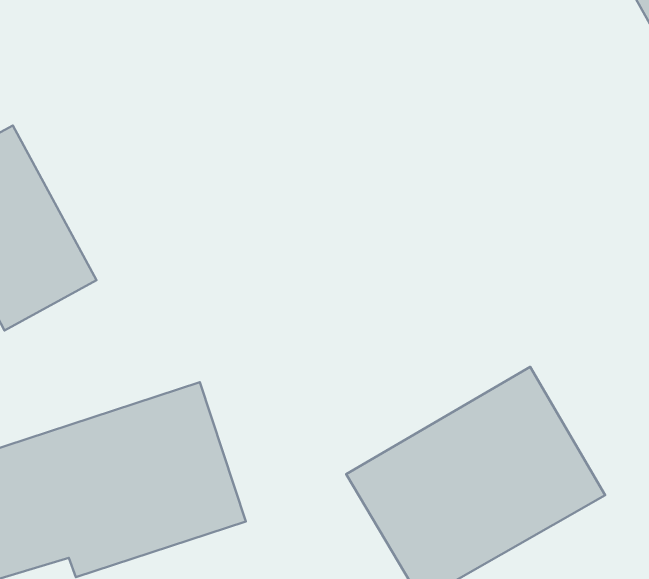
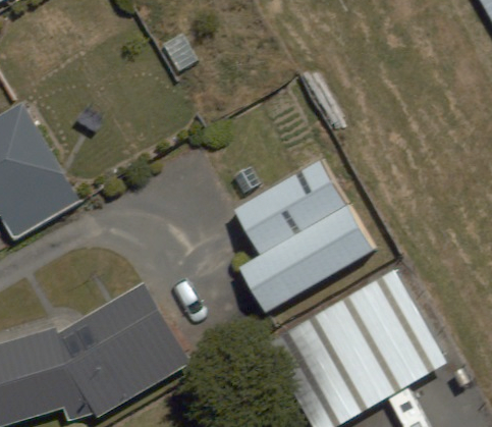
building: none -> [229,156,373,315]

